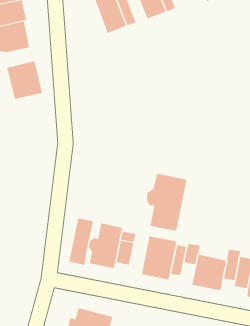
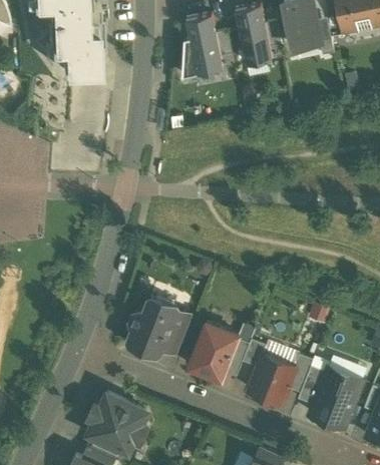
building: [7,61,43,100] -> none
building: [146,173,187,232] -> none
building: [69,217,94,266] -> none

